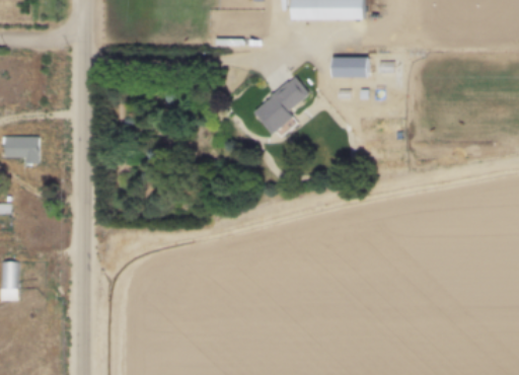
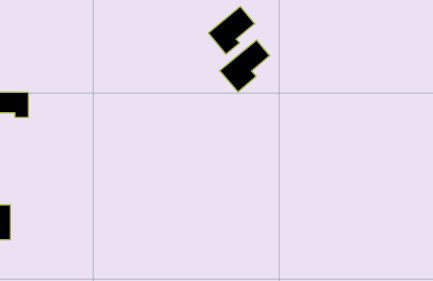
building: none -> [209,7,255,54]
building: [330,58,367,78] -> none

